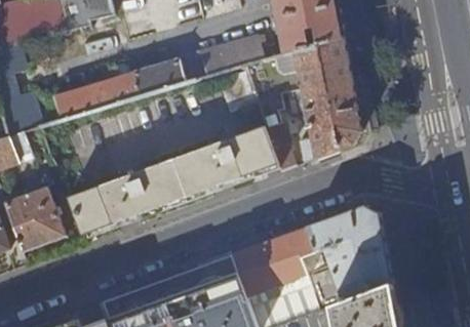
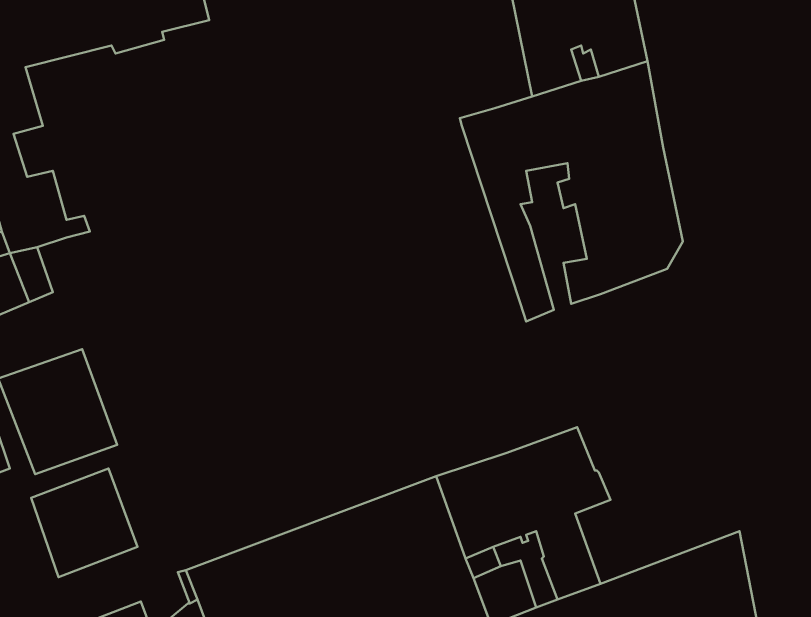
building: [54,37,264,120] -> none
building: [68,69,277,235] -> none
building: [306,205,392,309] -> none
building: none -> [31,469,137,577]

